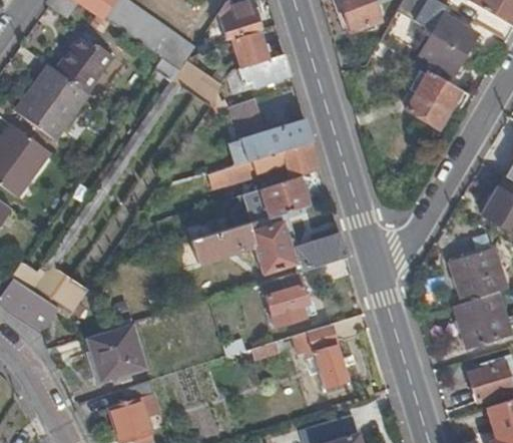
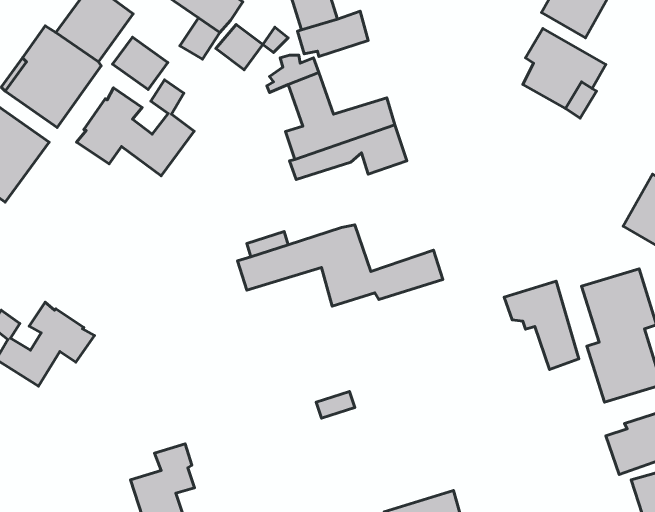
building: none -> [113,37,168,90]
building: none -> [76,80,194,176]
building: [261,175,308,215] -> none
building: [262,270,313,325] -> none
building: [87,321,147,381] -> none
building: [292,322,348,388] -> [504,281,579,369]

